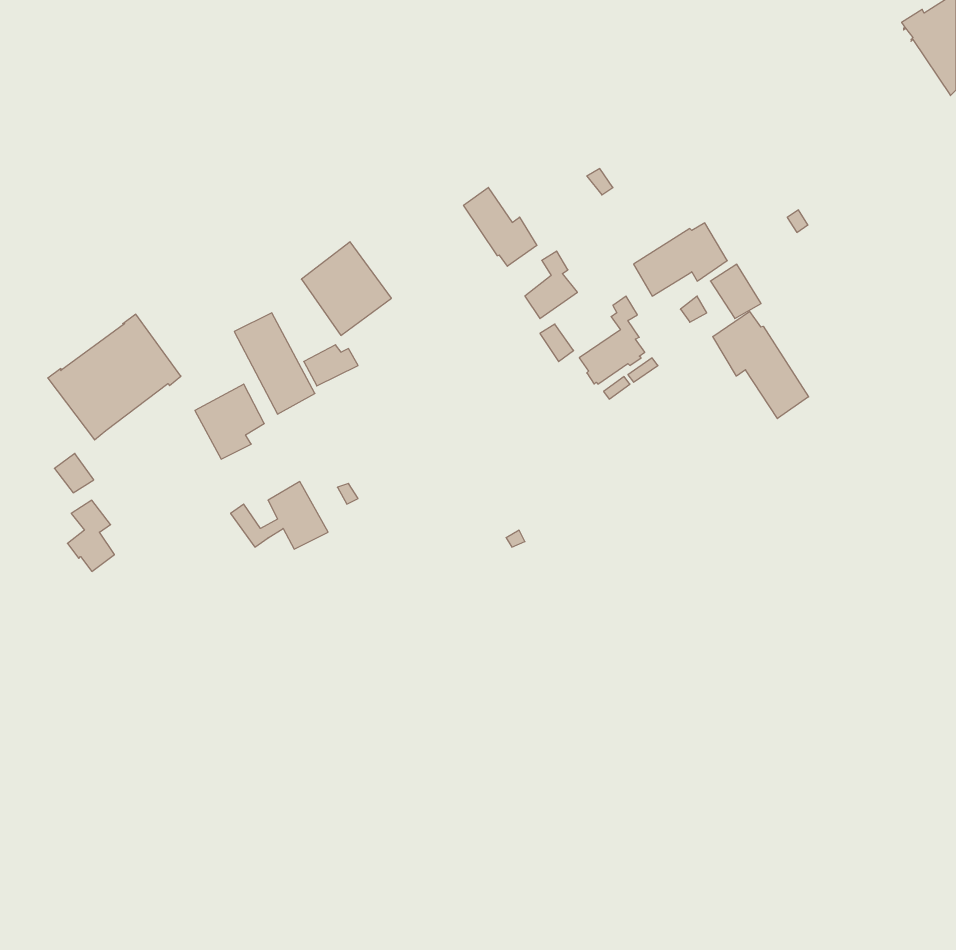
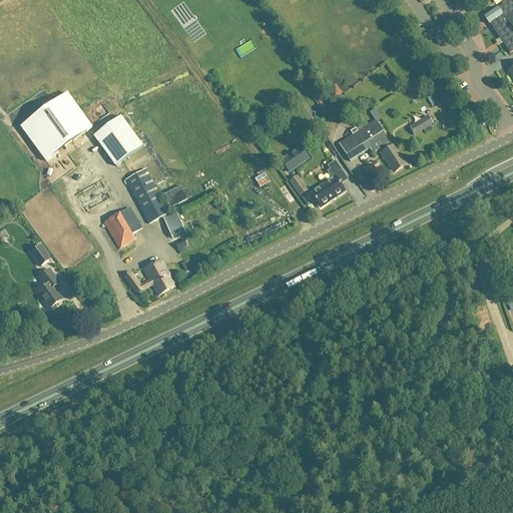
building: [464,187,537,266] -> none
building: [301,242,391,335] -> [93,113,141,163]
building: [713,311,809,419] -> none
building: [48,314,181,440] -> [20,91,91,158]
building: none -> [162,209,185,237]

